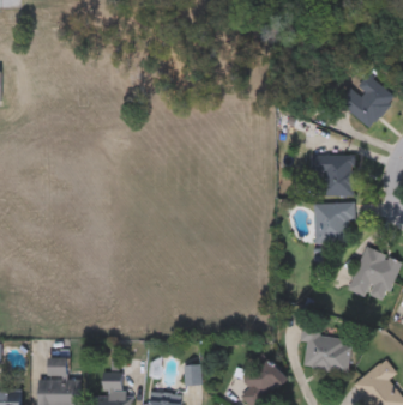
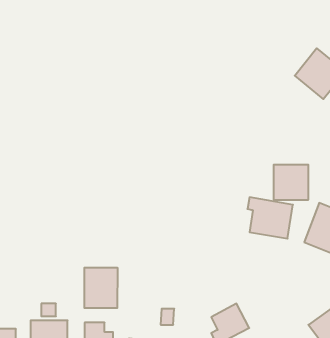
building: [311,152,355,195] -> none
building: none -> [84,268,117,308]
building: [301,327,353,374] -> [247,197,293,239]

